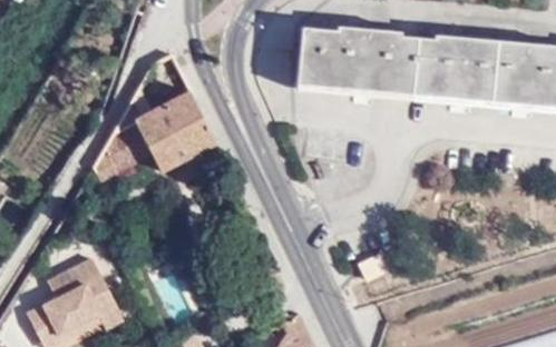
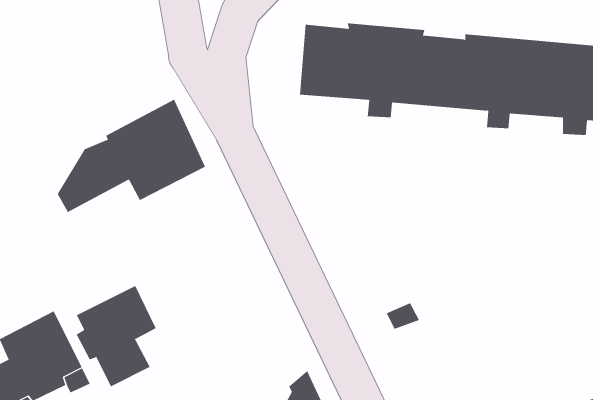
building: none -> [76,285,156,387]

